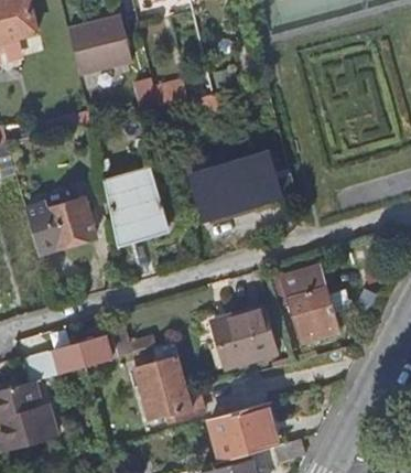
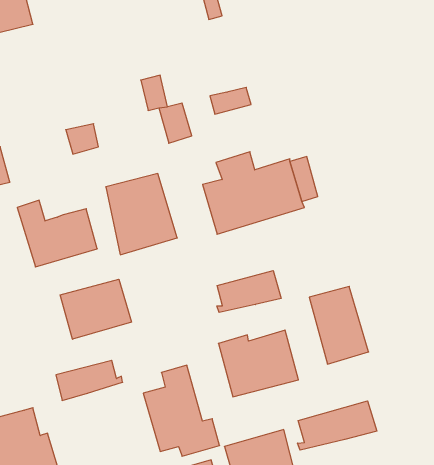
building: [68,15,132,75] -> none
building: none -> [217,271,281,312]
building: none -> [60,279,131,339]
building: none -> [298,401,377,450]

